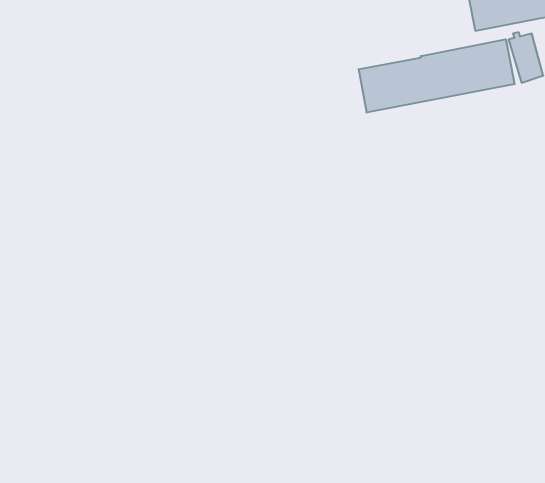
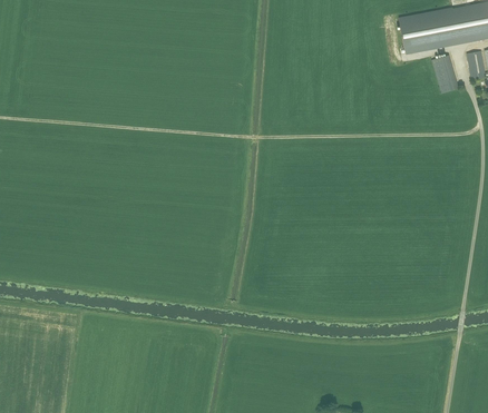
building: [359,39,514,113] -> none

